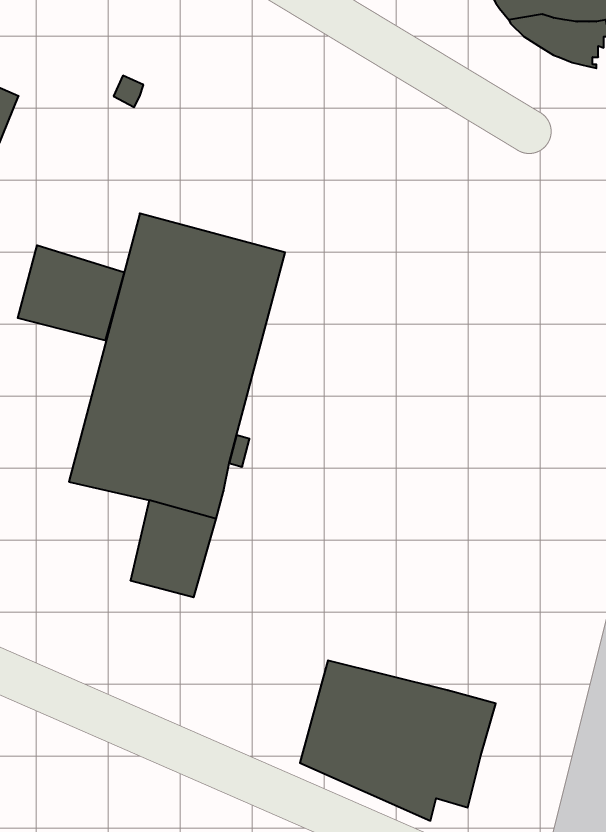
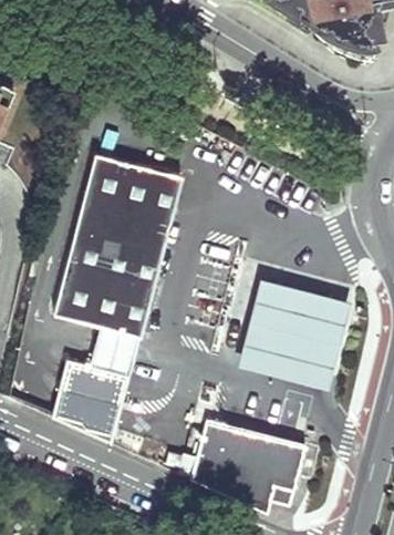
building: [18,245,124,340] -> none
building: none -> [238,277,351,387]
building: none -> [52,363,127,451]

